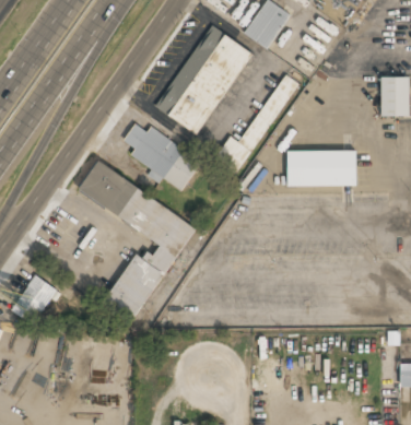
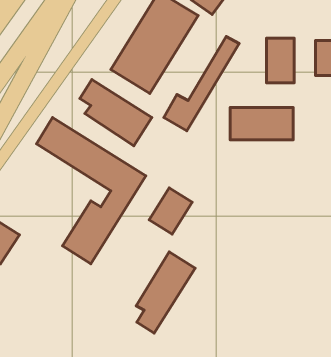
building: none -> [267,38,294,83]
building: none -> [149,188,192,234]
building: none -> [136,252,195,333]

